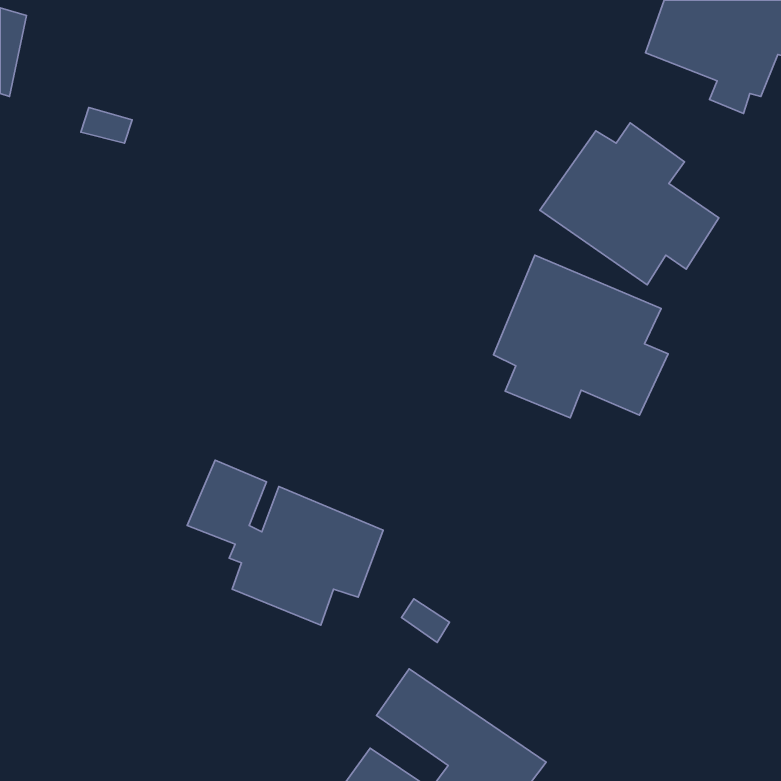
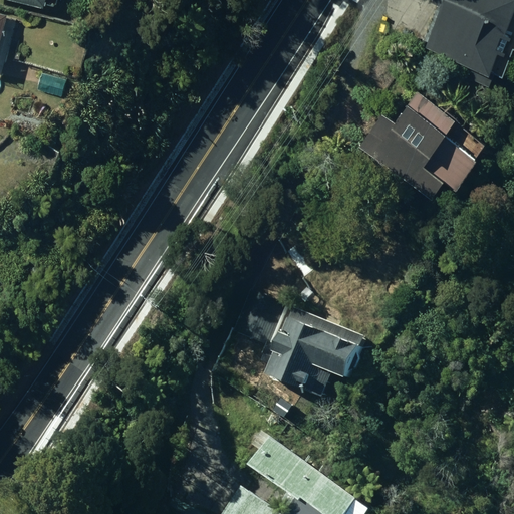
building: [493,255,668,418] -> none
building: [187,460,383,625] -> [241,295,367,402]

